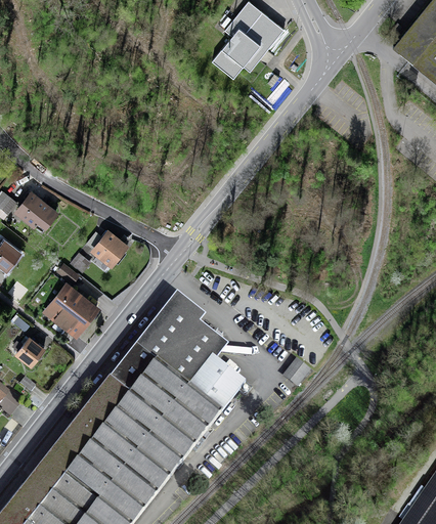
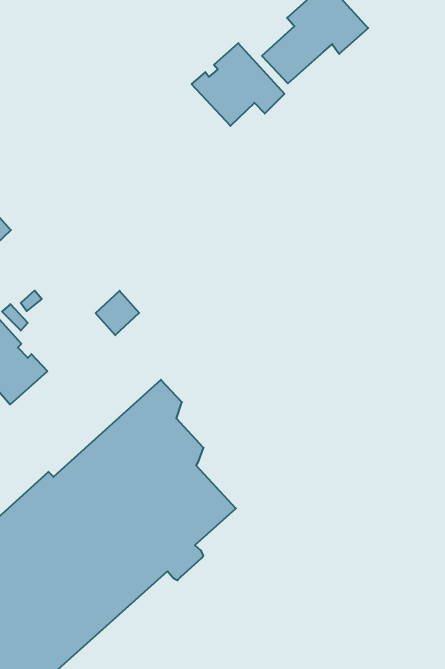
building: none -> [192,43,284,126]
building: [95,232,126,264] -> [96,291,139,335]

